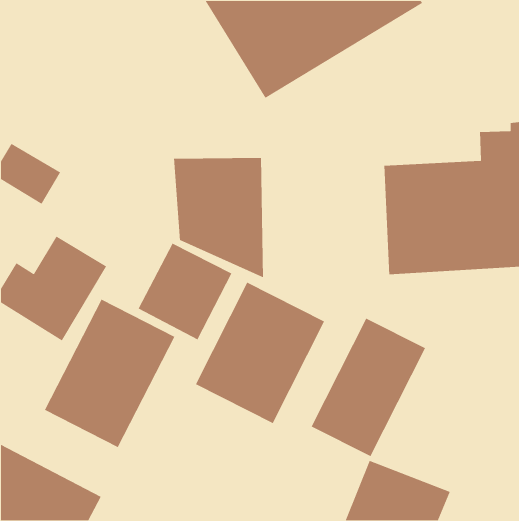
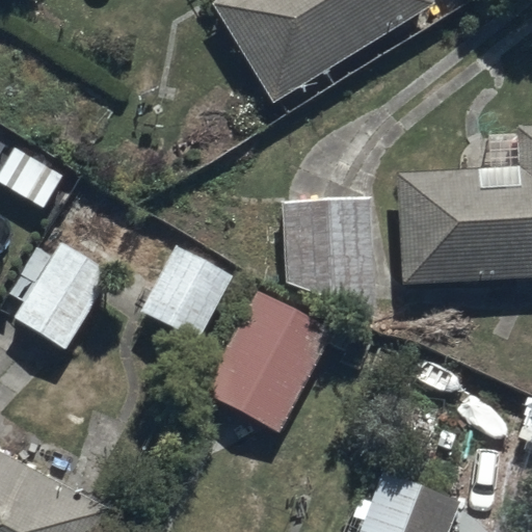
building: [173,157,264,278] -> [281,195,373,319]
building: [44,298,176,448] -> none
building: [311,317,426,457] -> none

